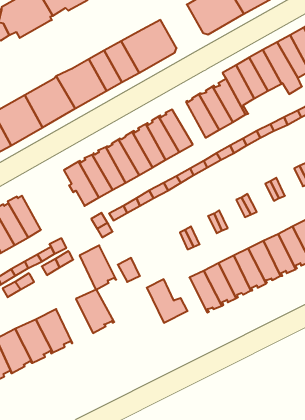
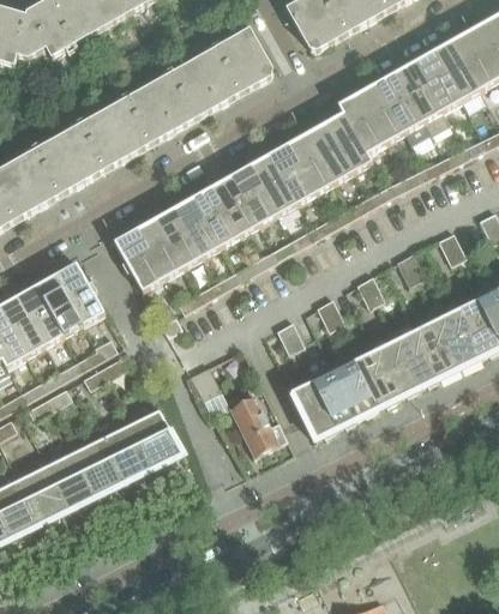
building: none -> [265,144,312,204]
building: none -> [53,261,103,324]
building: [80,245,116,290] -> [102,421,154,483]

